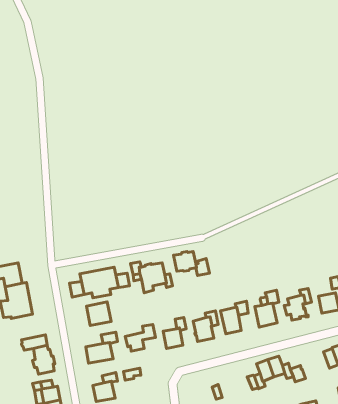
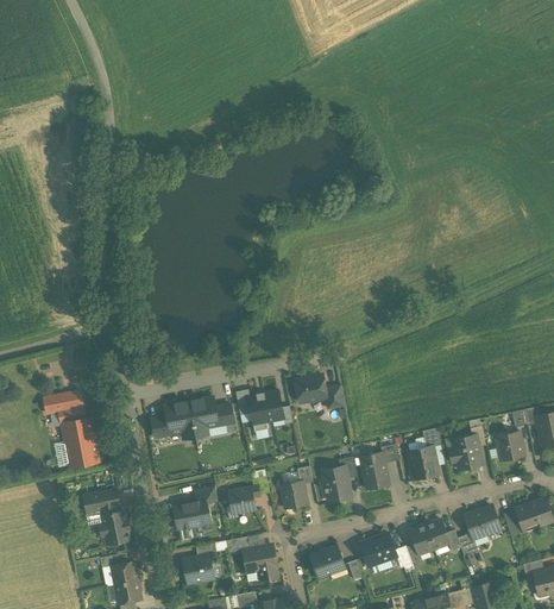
building: [86,302,111,326] -> none
building: none -> [465,507,501,538]
building: none -> [361,533,397,566]
building: none -> [244,545,278,578]
building: none -> [310,546,345,577]

